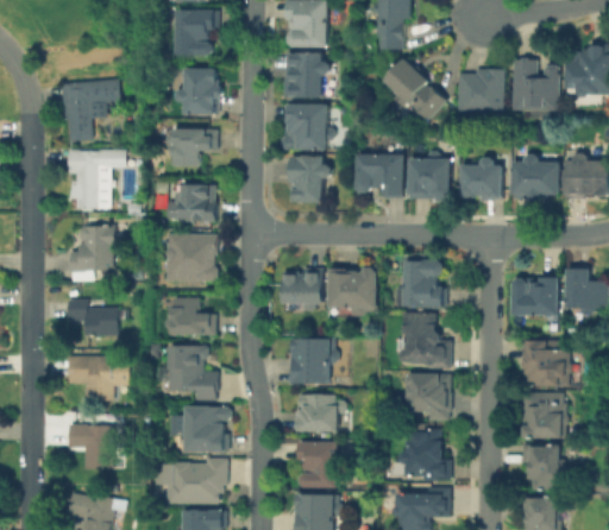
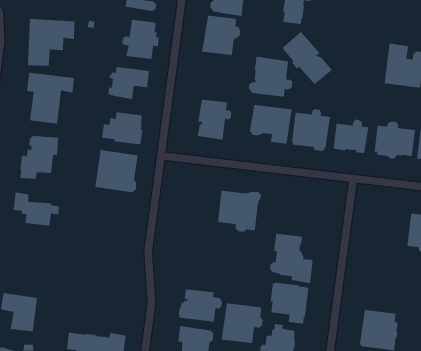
building: [457,69,503,116] -> none
building: [278,105,333,151] -> [248,56,293,97]
building: [394,258,446,307] -> none
building: [280,267,322,310] -> none
building: [509,275,558,315] -> none
building: [168,298,219,336] -> none
building: [287,336,337,383] -> [221,303,264,344]
building: [521,339,570,386] -> none
building: [171,346,221,402] -> none
building: [71,357,131,402] -> none
building: [181,408,234,454] -> none

